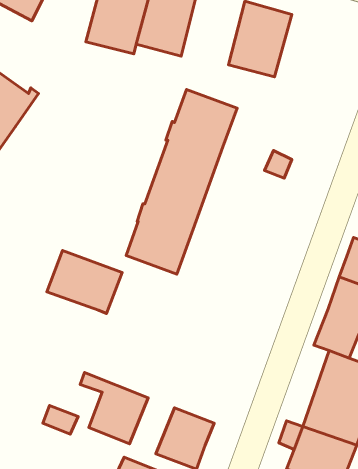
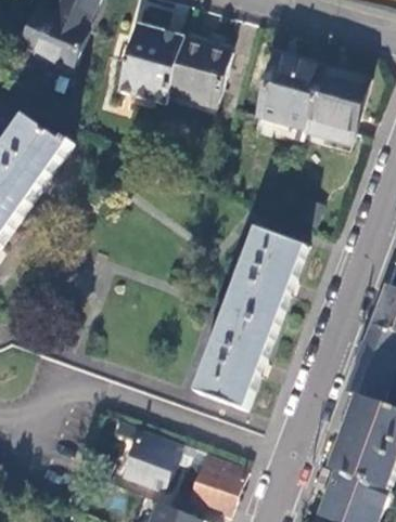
building: none -> [302,65,368,143]
building: [126,90,237,274] -> [193,227,303,409]
building: [47,251,122,313] -> none

